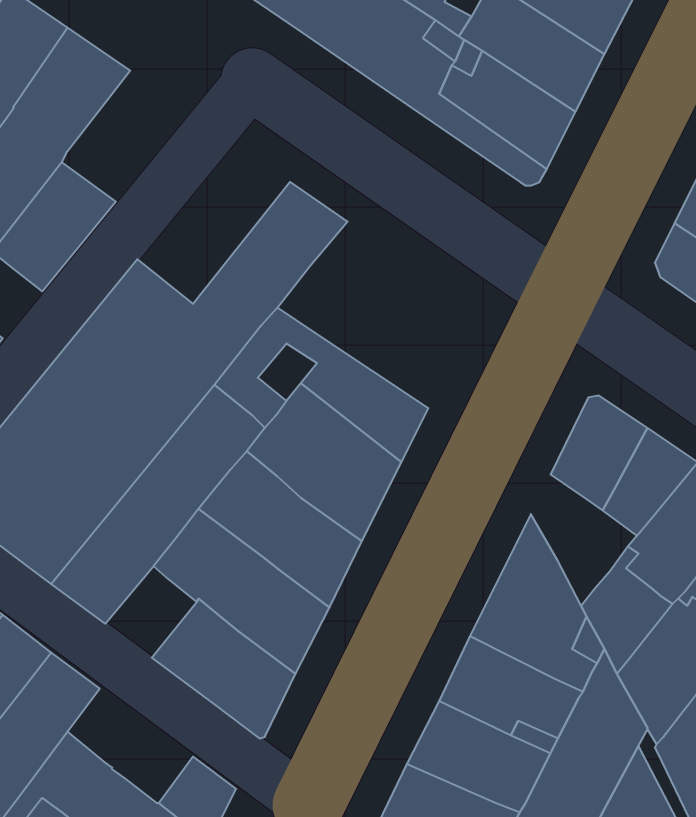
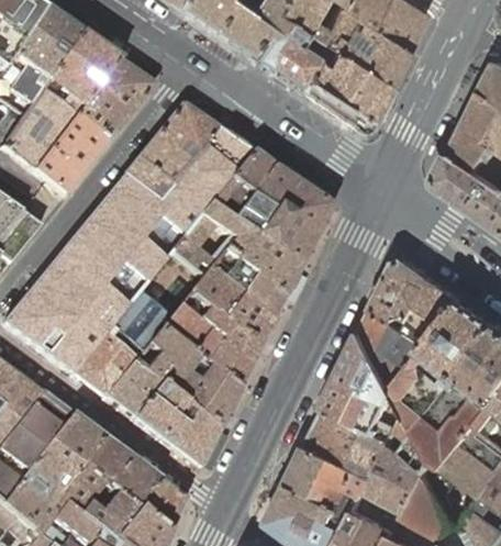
building: none -> [78,56,155,136]
building: none -> [124,101,218,199]
building: none -> [210,148,332,263]
building: none -> [365,303,430,383]
building: none -> [104,359,160,415]
building: none -> [81,434,158,504]

